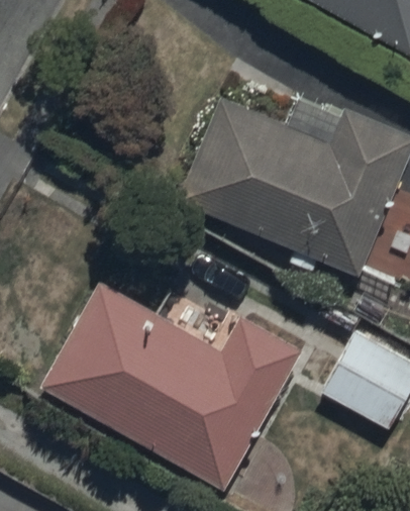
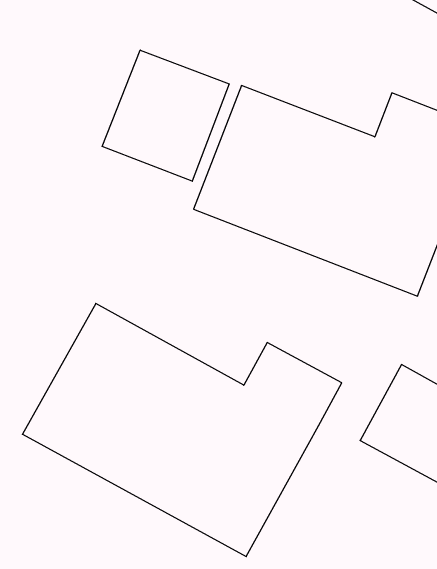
building: none -> [102,50,229,181]

